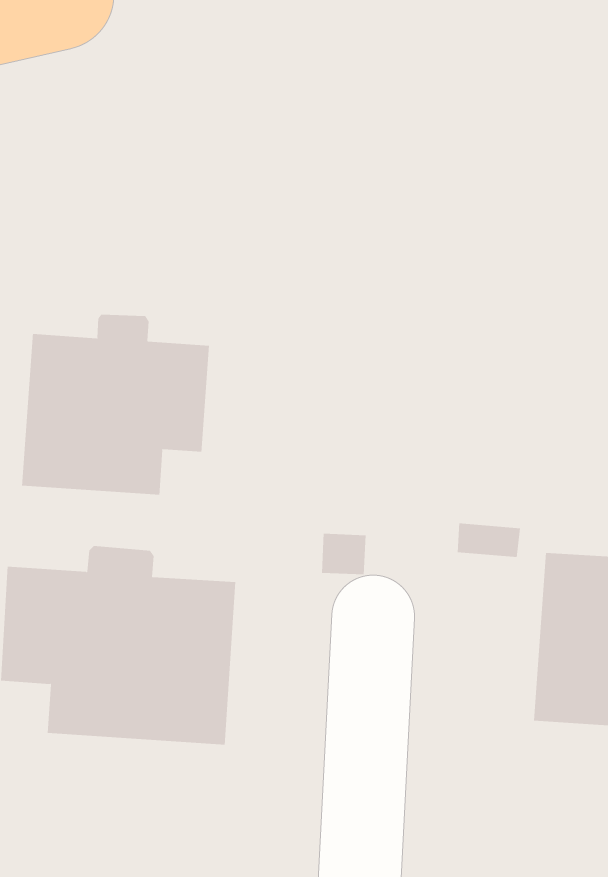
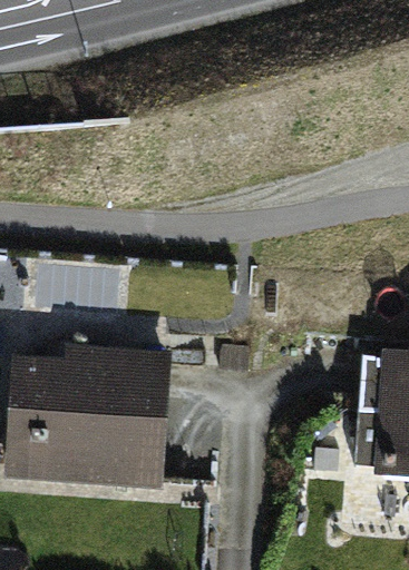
building: [22,314,210,496] -> none

